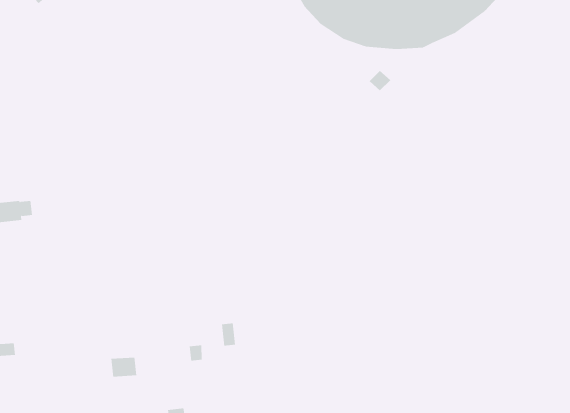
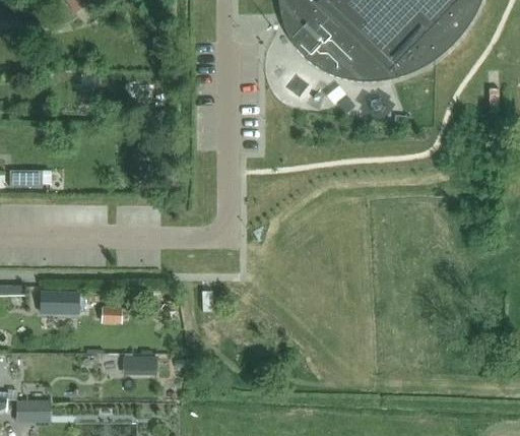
building: none -> [40,291,78,314]

